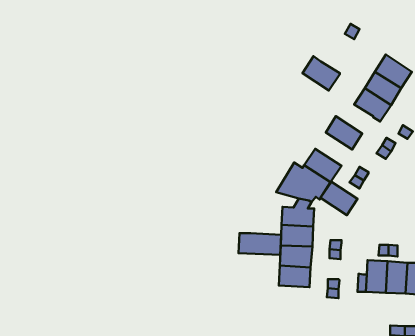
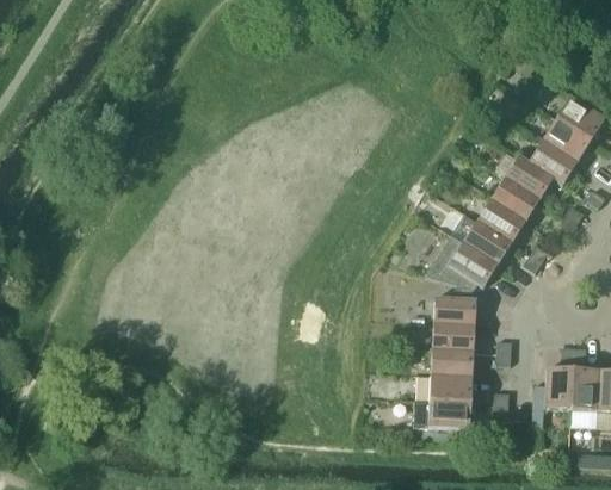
building: [303,56,340,91] -> [505,154,554,199]
building: [321,182,358,215] -> [477,198,526,242]
building: [239,233,281,255] -> [414,399,470,428]

